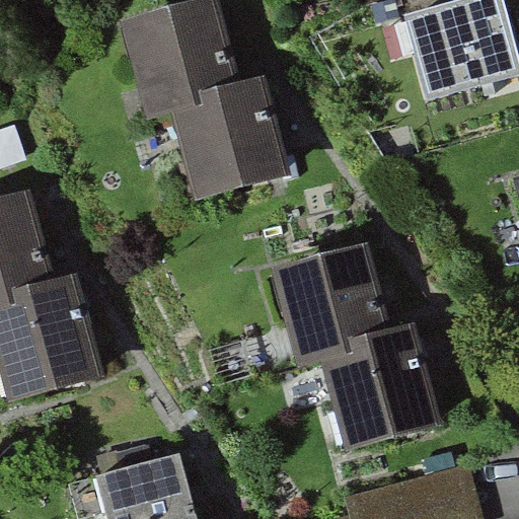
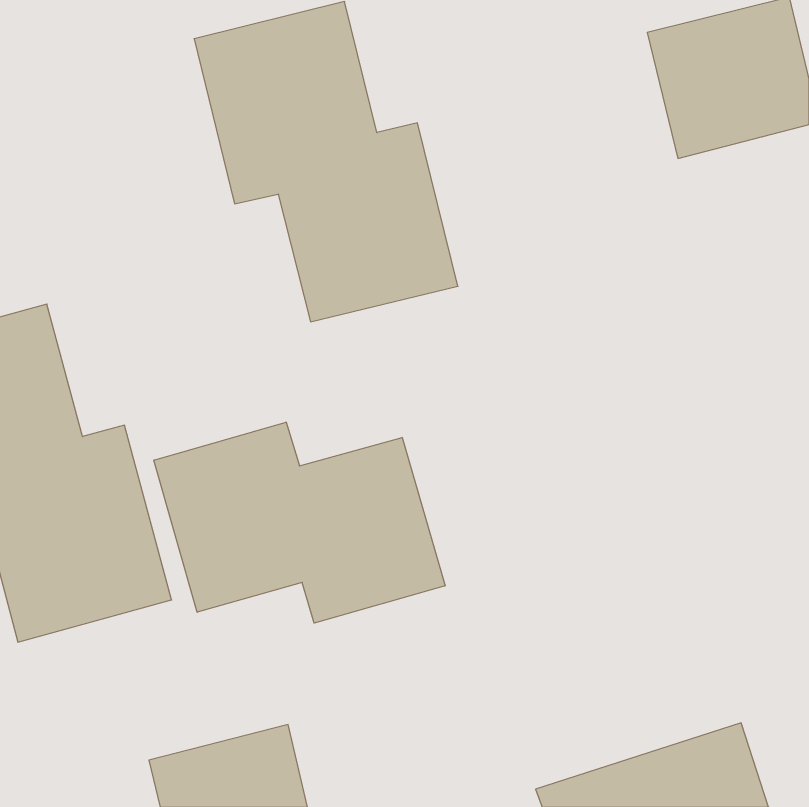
building: [269,241,441,452] -> none
building: none -> [154,422,445,623]

